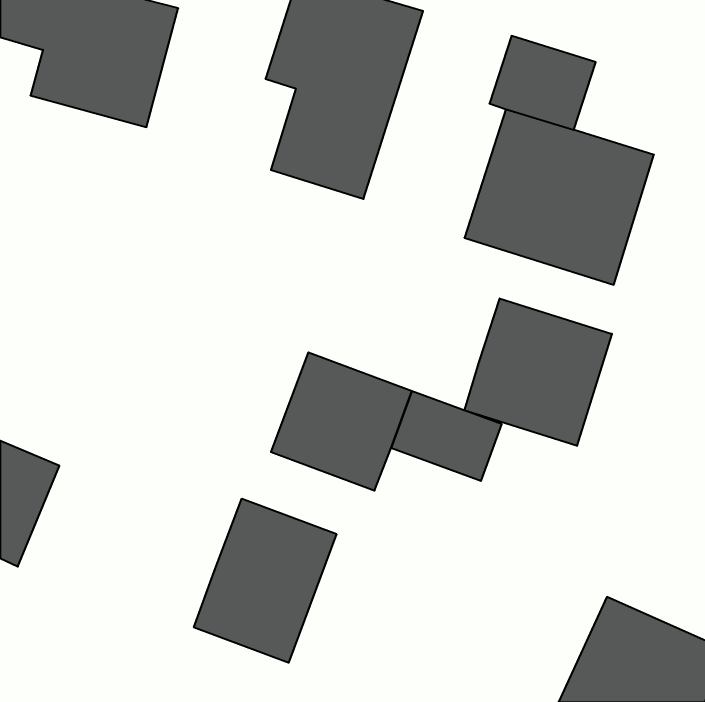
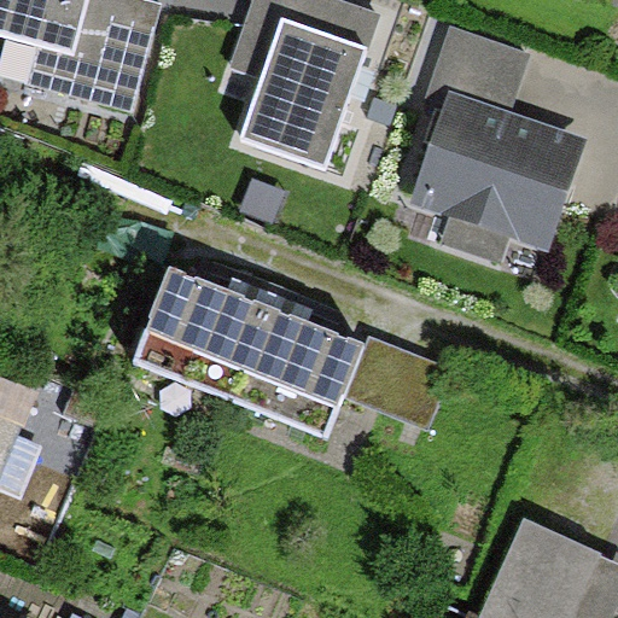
building: [465,298,612,446] -> none
building: none -> [141,272,270,395]
building: [194,499,336,663] -> none

